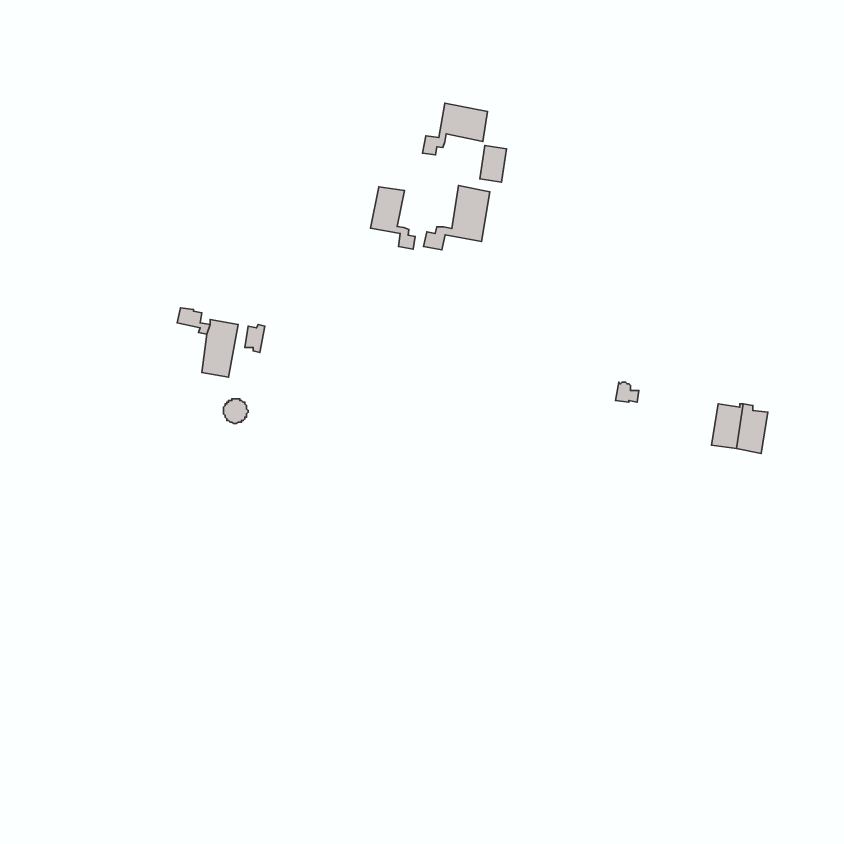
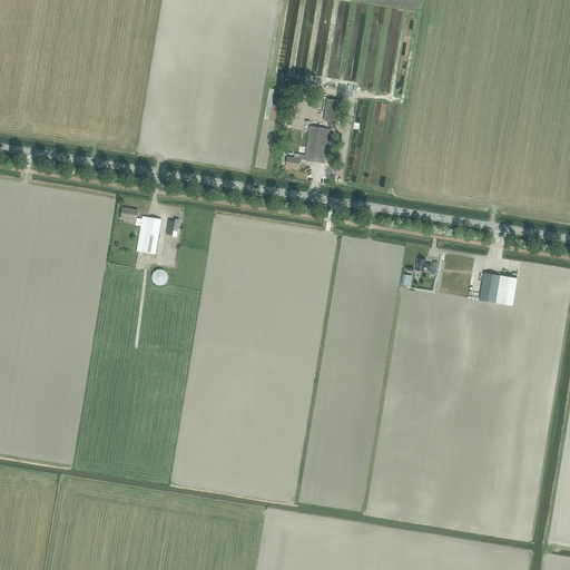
building: [423,103,487,155] -> none
building: [371,187,415,249] -> none

